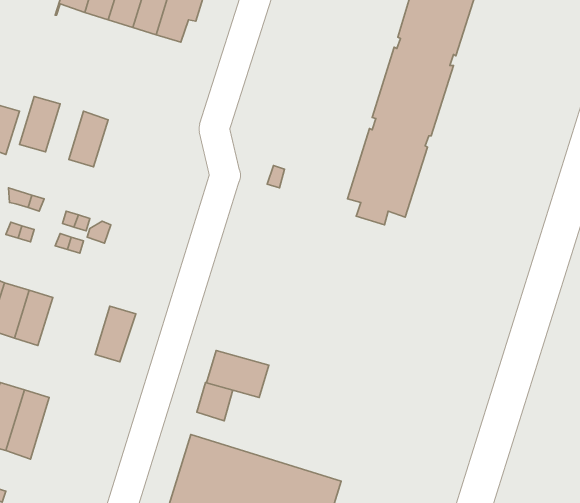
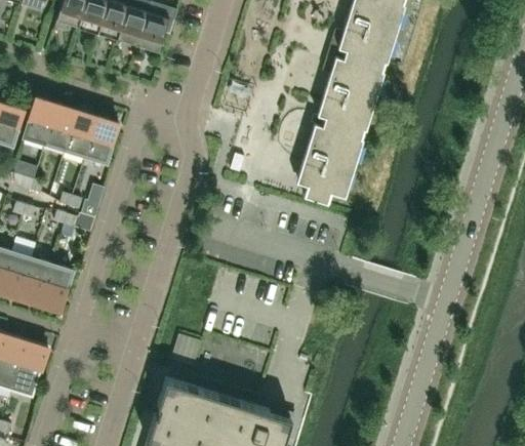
building: none -> [45,103,77,149]
building: none -> [85,116,118,162]
building: [95,306,136,362] -> [39,263,73,310]
building: [207,351,269,397] -> none

